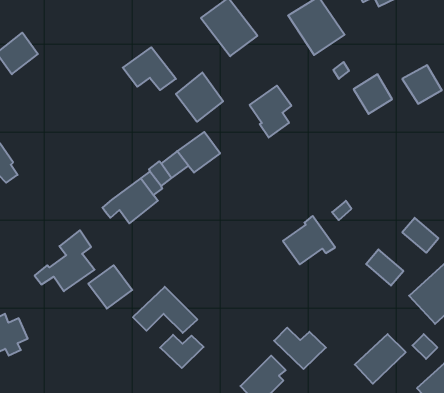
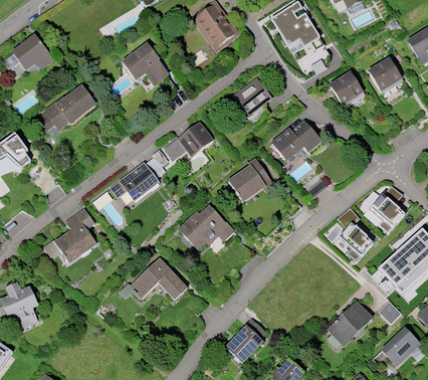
building: [176,72,223,122] -> none
building: none -> [37,85,96,131]
building: none -> [274,121,323,160]
building: [283,216,335,264] -> [230,158,276,201]
building: none -> [178,205,234,249]
building: [88,265,132,309] -> none
building: [274,328,326,369] -> none
building: [160,335,204,368] -> none

